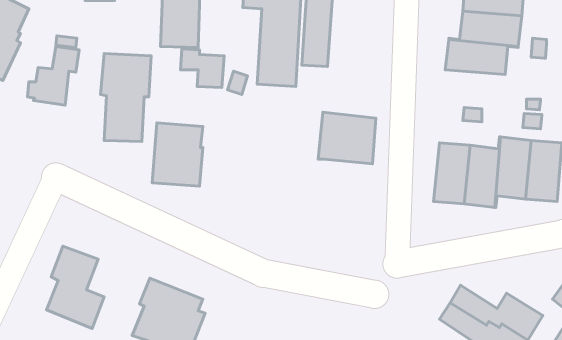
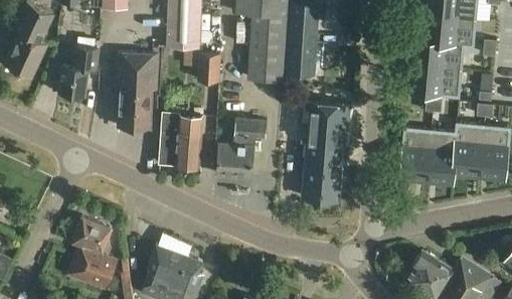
building: none -> [408,66,462,98]
building: none -> [218,118,267,177]
building: none -> [302,143,348,200]

